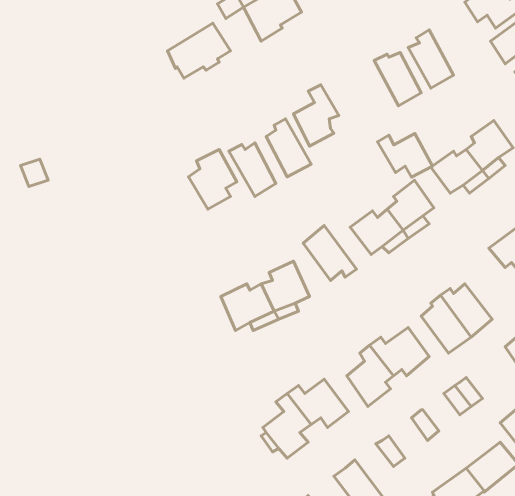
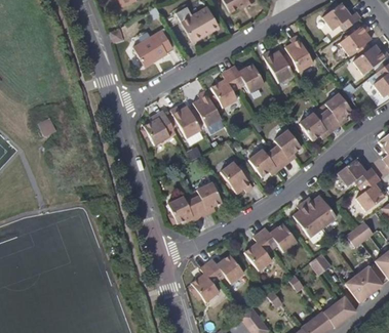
building: [378,134,433,177] -> [230,65,265,92]

